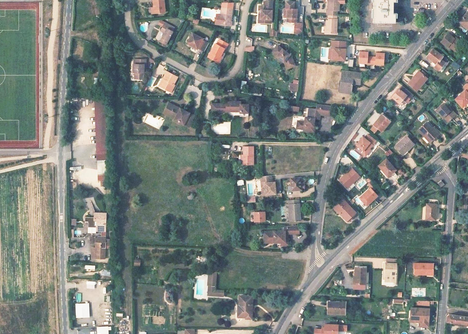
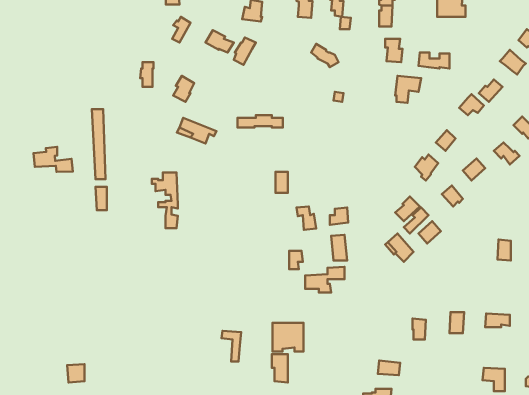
building: [297,103,332,131] -> none
building: none -> [33,147,73,172]
building: [84,213,105,258] -> [152,173,178,228]
building: none -> [272,323,303,351]

